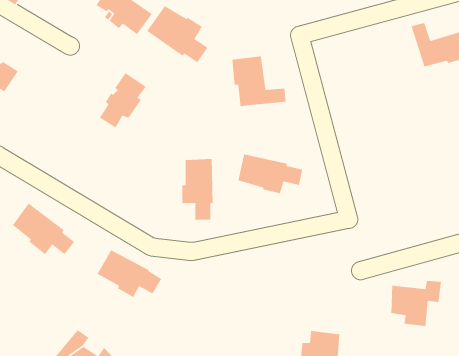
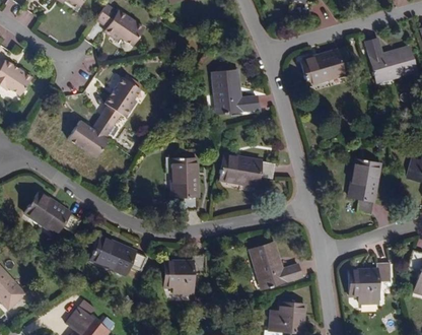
building: [146,5,208,63] -> none
building: none -> [299,48,354,82]
building: none -> [67,121,114,162]
building: none -> [342,159,376,214]
building: none -> [251,242,301,287]
building: none -> [165,253,207,292]

